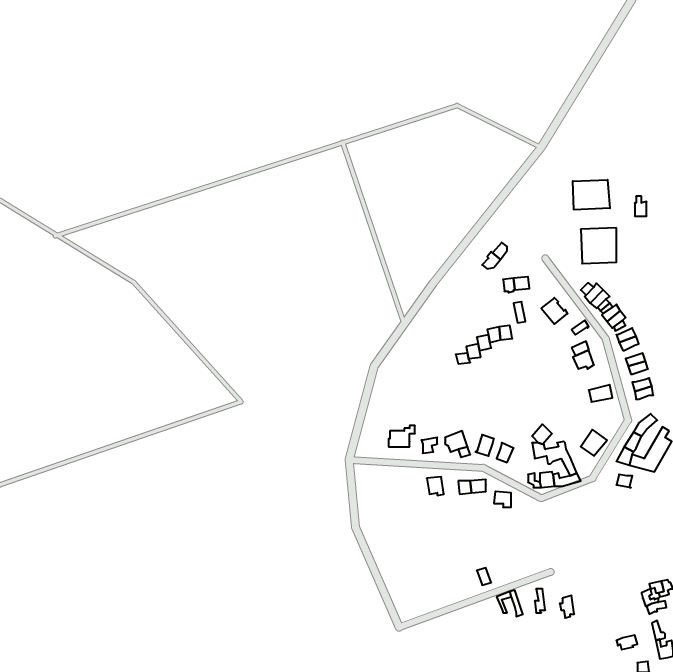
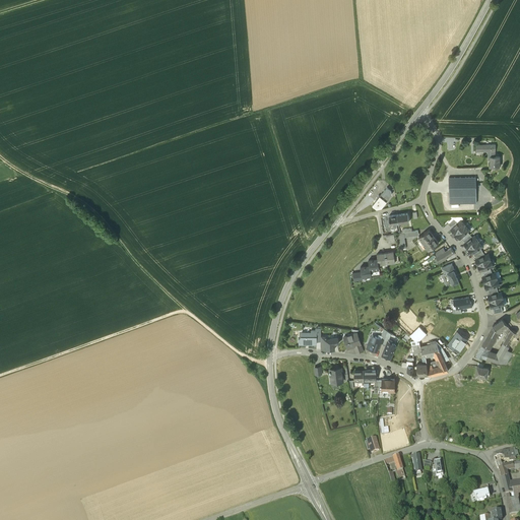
building: [573,180,610,210] -> none

